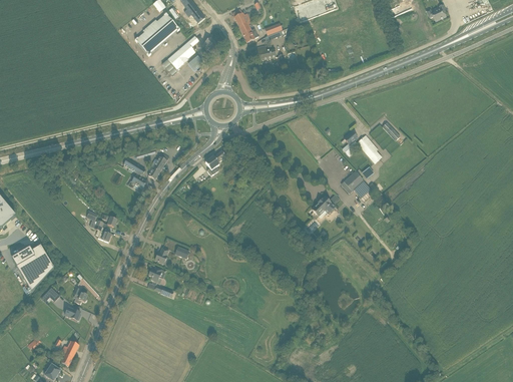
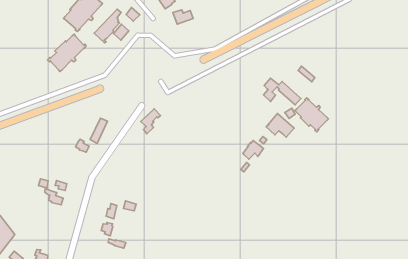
building: none -> [48,34,86,72]
building: none -> [295,98,328,132]

